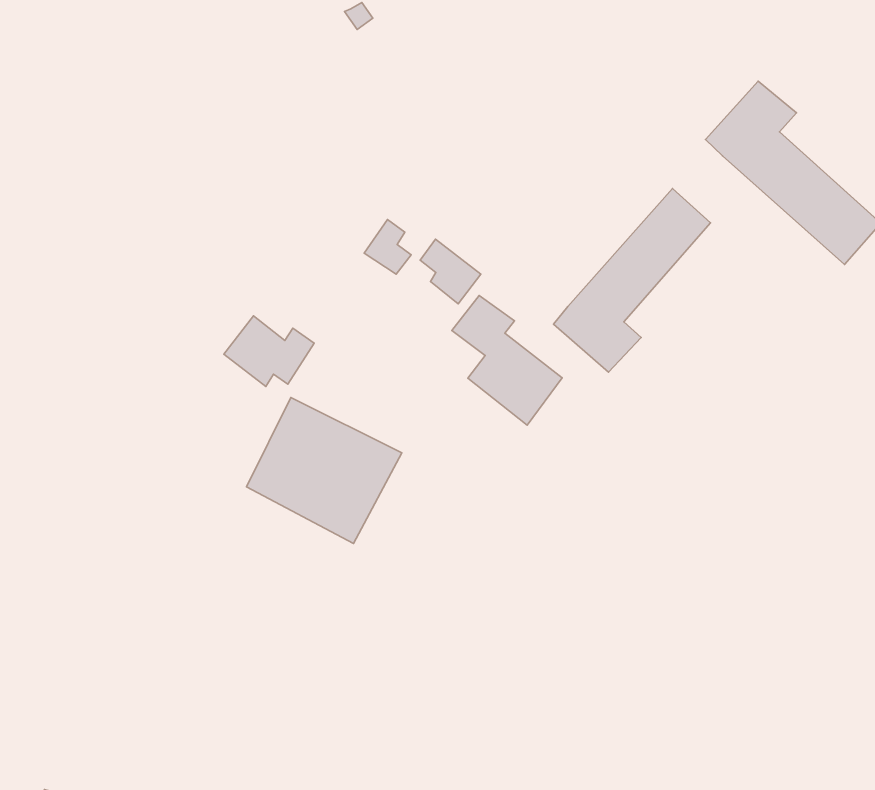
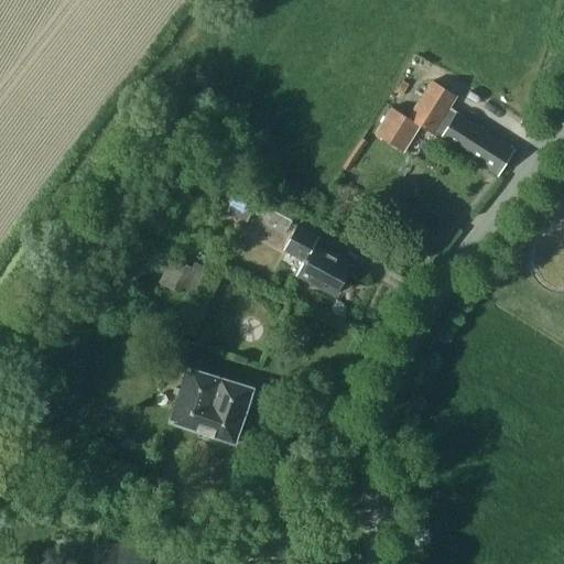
building: none -> [376,108,420,151]
building: [553,189,710,372] -> none
building: [247,397,402,544] -> [171,367,254,443]

